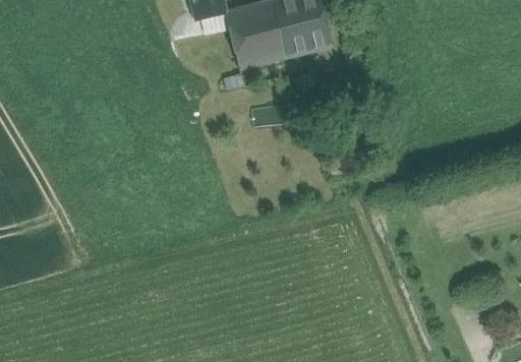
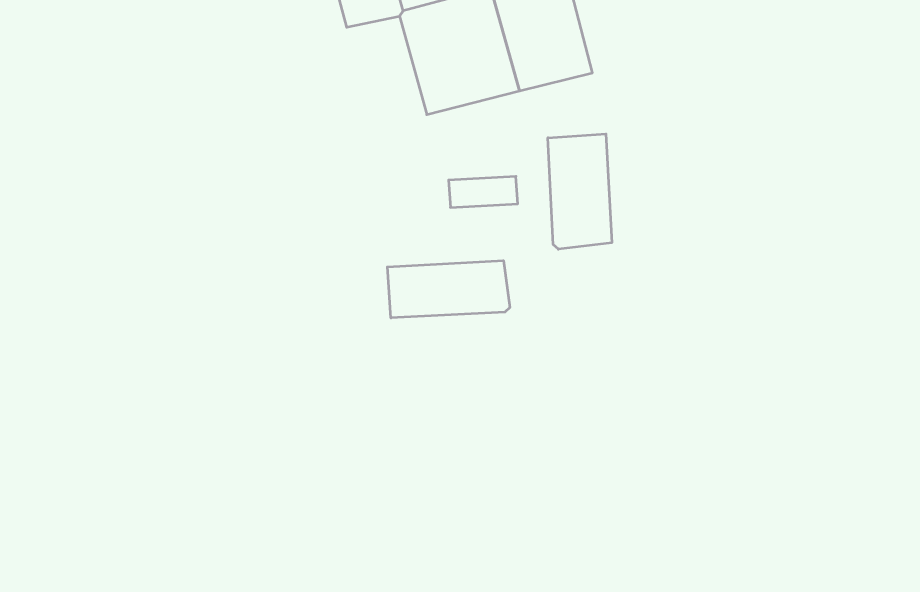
building: none -> [548,134,612,249]
building: none -> [387,261,510,318]

